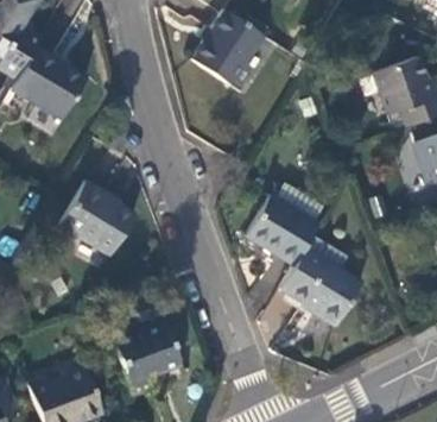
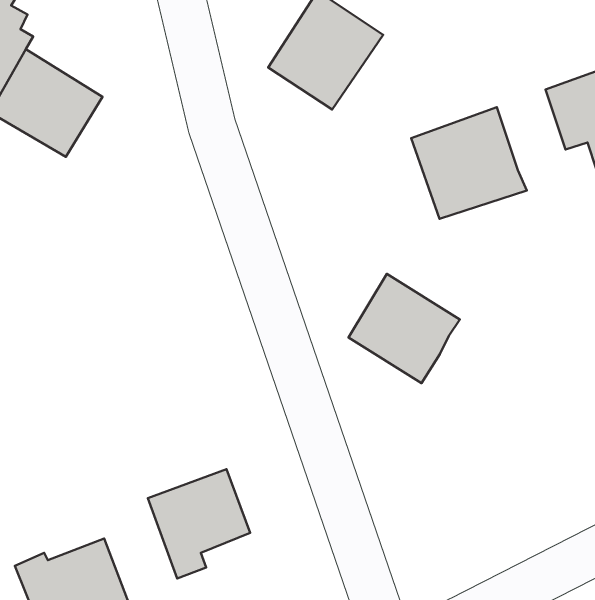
building: none -> [411,107,527,219]
building: [61,182,137,254] -> none
building: [280,246,362,326] -> none

